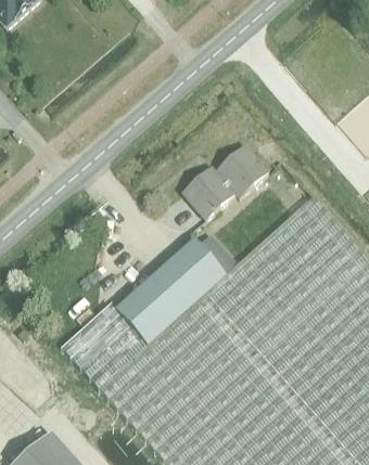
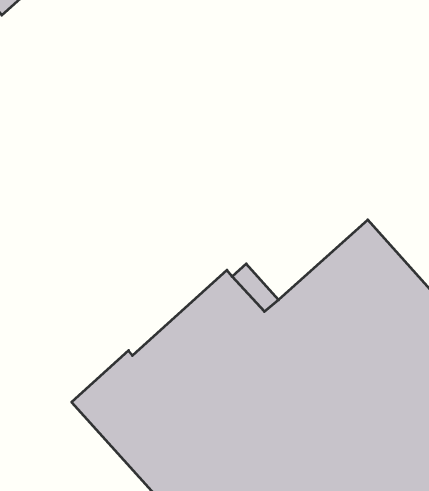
building: [183,144,270,219] -> none

